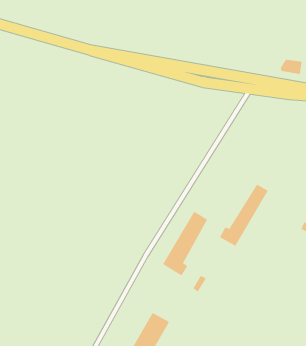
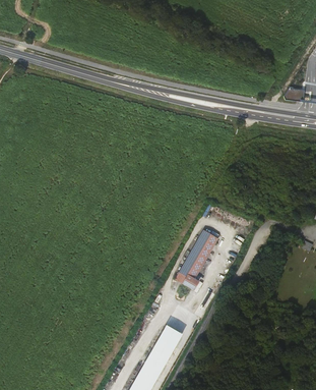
building: [219,184,269,246] -> none

